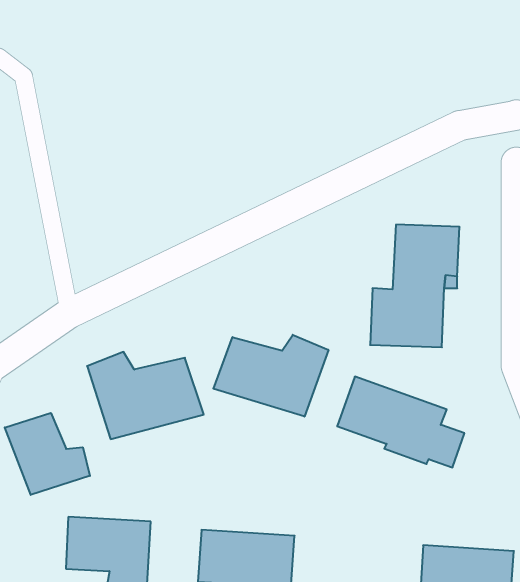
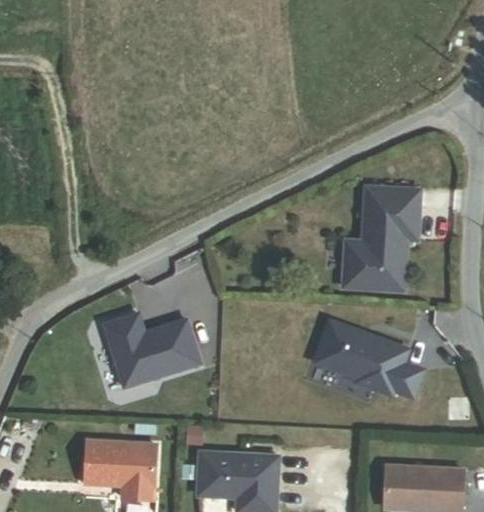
building: [213,335,328,417] -> none
building: [5,413,90,495] -> none

